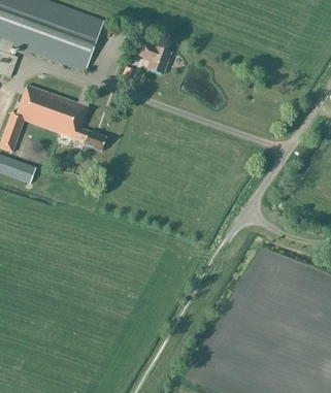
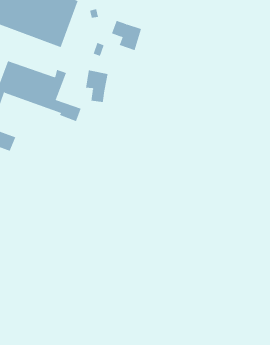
building: none -> [86,69,108,103]

